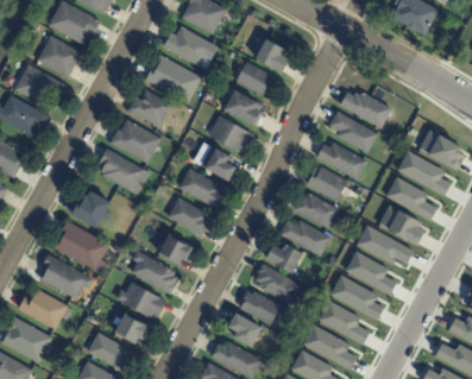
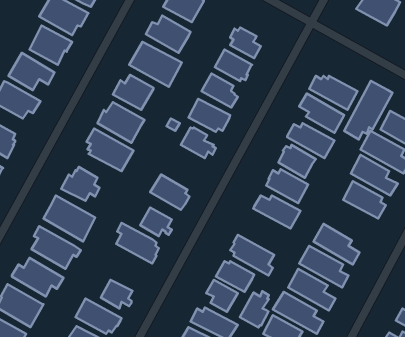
building: none -> [344,81,392,139]
building: [180,168,226,208] -> none
building: [355,225,413,264] -> none
building: [266,244,303,273] -> none
building: [115,280,165,317] -> none
building: none -> [240,291,269,327]

